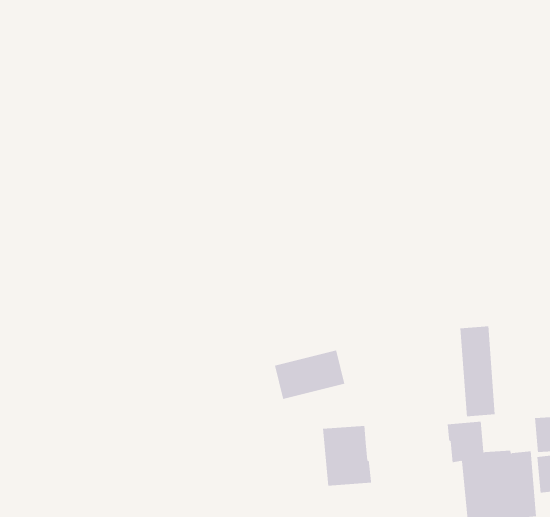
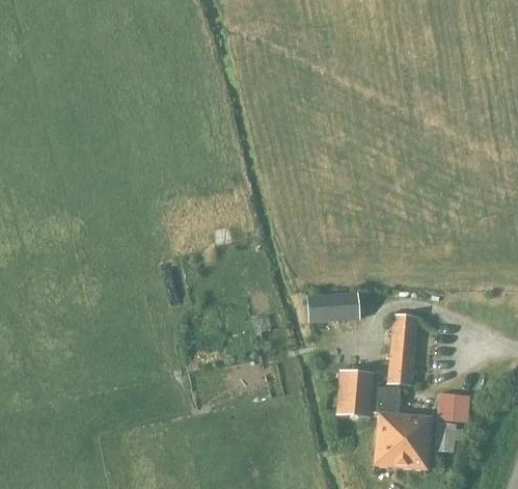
building: [274,350,345,400] -> [307,291,359,322]
building: [322,426,372,486] -> [337,370,374,417]

